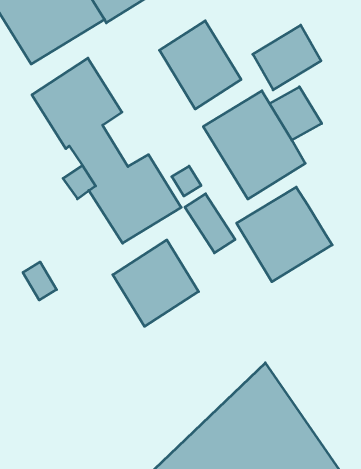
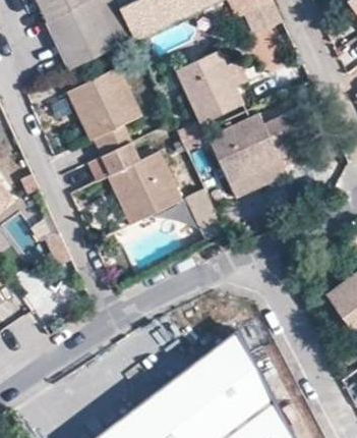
building: [253,25,321,90] -> none
building: [237,187,332,282] -> none
building: [113,240,199,326] -> none

